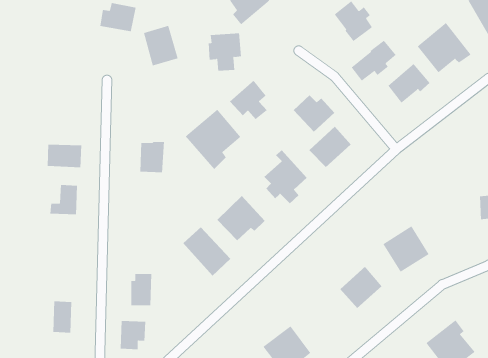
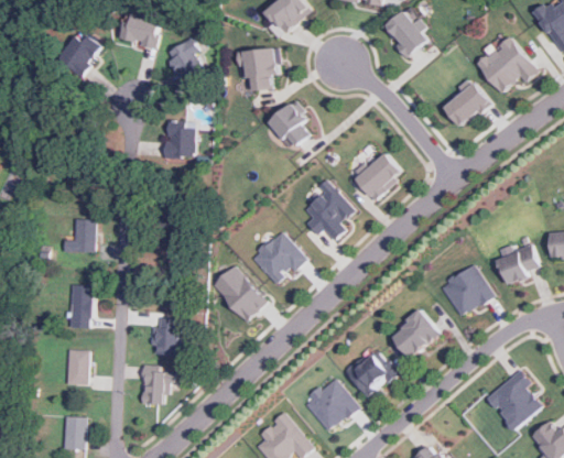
building: none -> [59,33,100,75]
building: [351,40,396,81] -> none
building: [293,95,335,132] -> none
building: [185,109,241,170] -> none
building: [140,141,165,173] -> [166,122,195,157]
building: [47,144,82,168] -> none
building: none -> [496,243,538,284]
building: none -> [69,284,91,327]
building: none -> [346,348,397,396]

